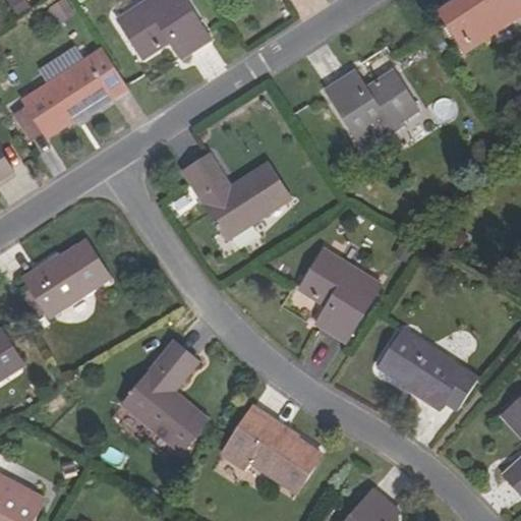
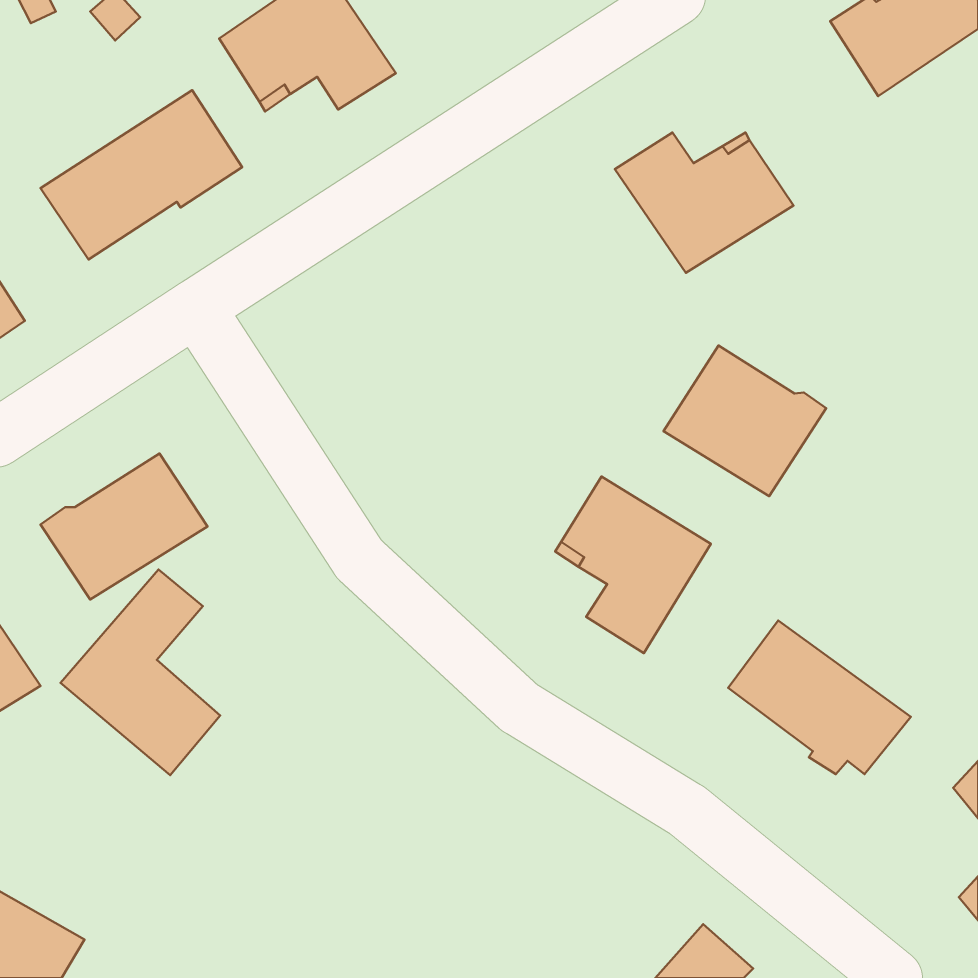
building: [182,154,289,237] -> none
building: none -> [664,346,826,496]
building: [121,343,206,452] -> [61,570,220,775]
building: [231,411,317,490] -> none

